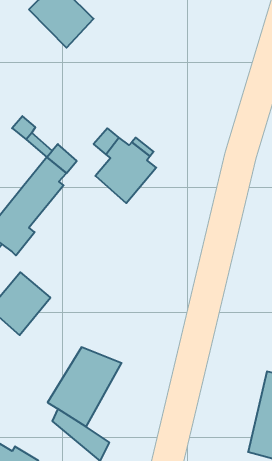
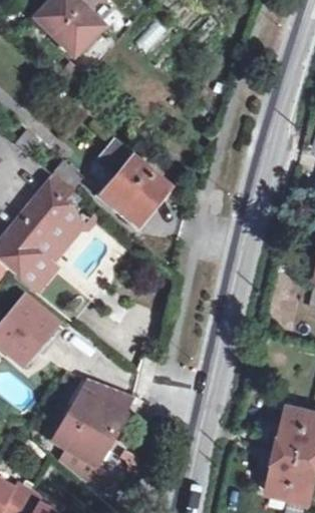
building: none -> [19,205,78,294]

